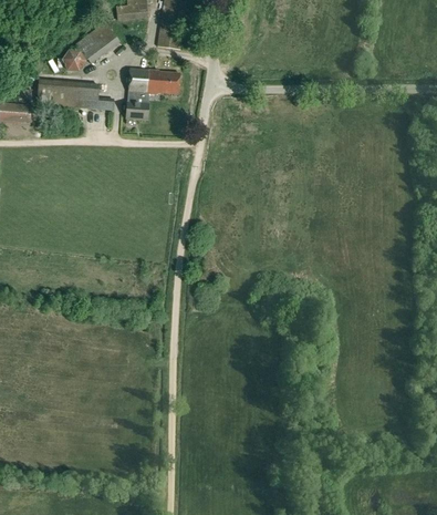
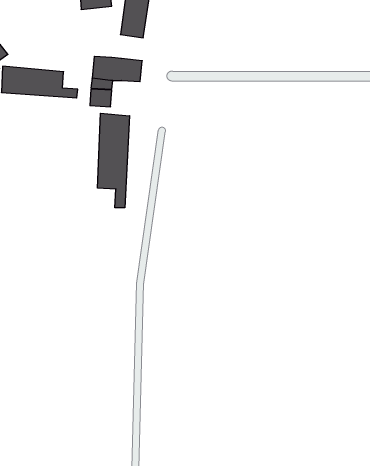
building: [62,21,119,71] -> none
building: none -> [98,113,130,208]

